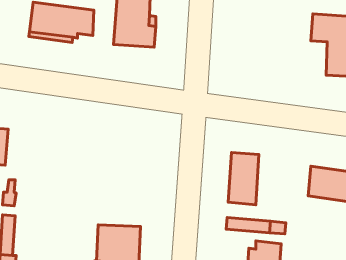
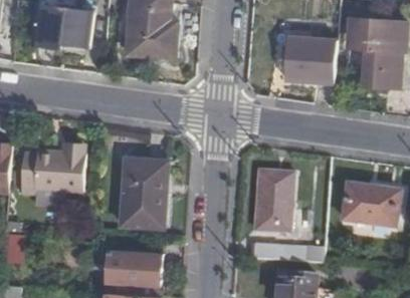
building: none -> [281,36,337,81]
building: none -> [17,145,82,200]
building: none -> [122,160,162,225]

